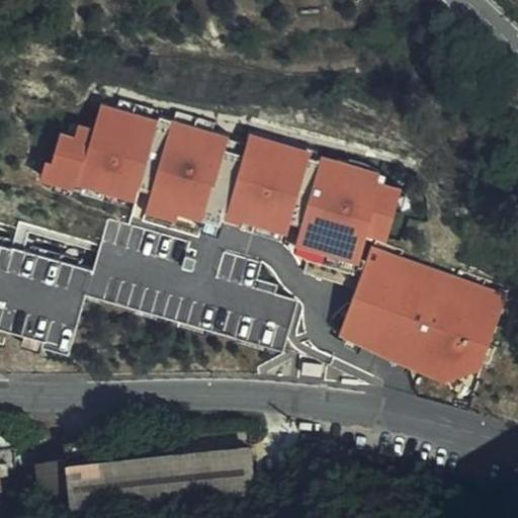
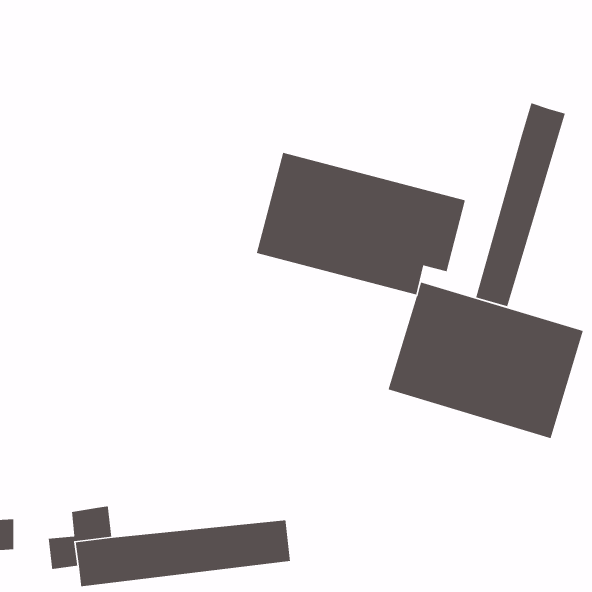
building: none -> [475,102,566,307]
building: [45,107,231,220] -> none

